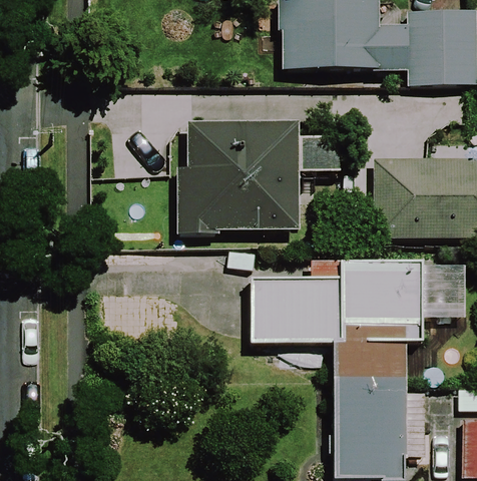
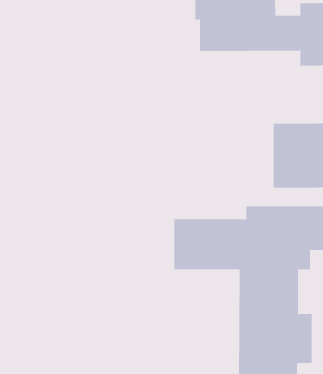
building: [177,119,299,233] -> none

